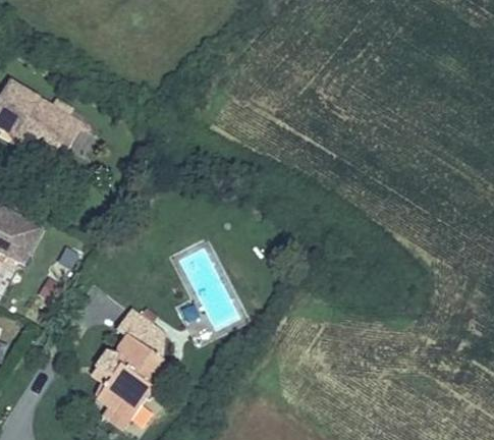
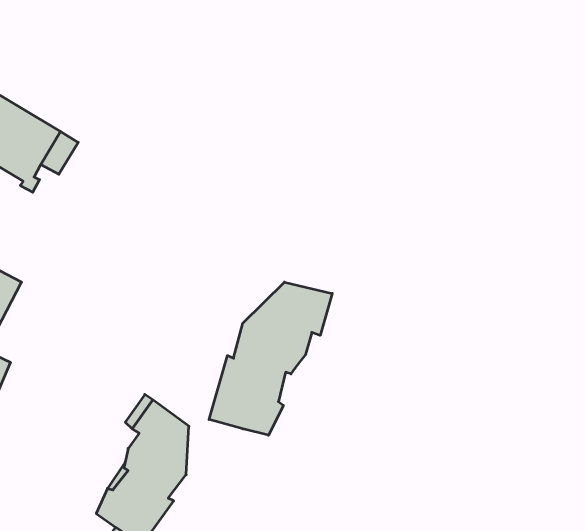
building: none -> [209,282,332,435]

